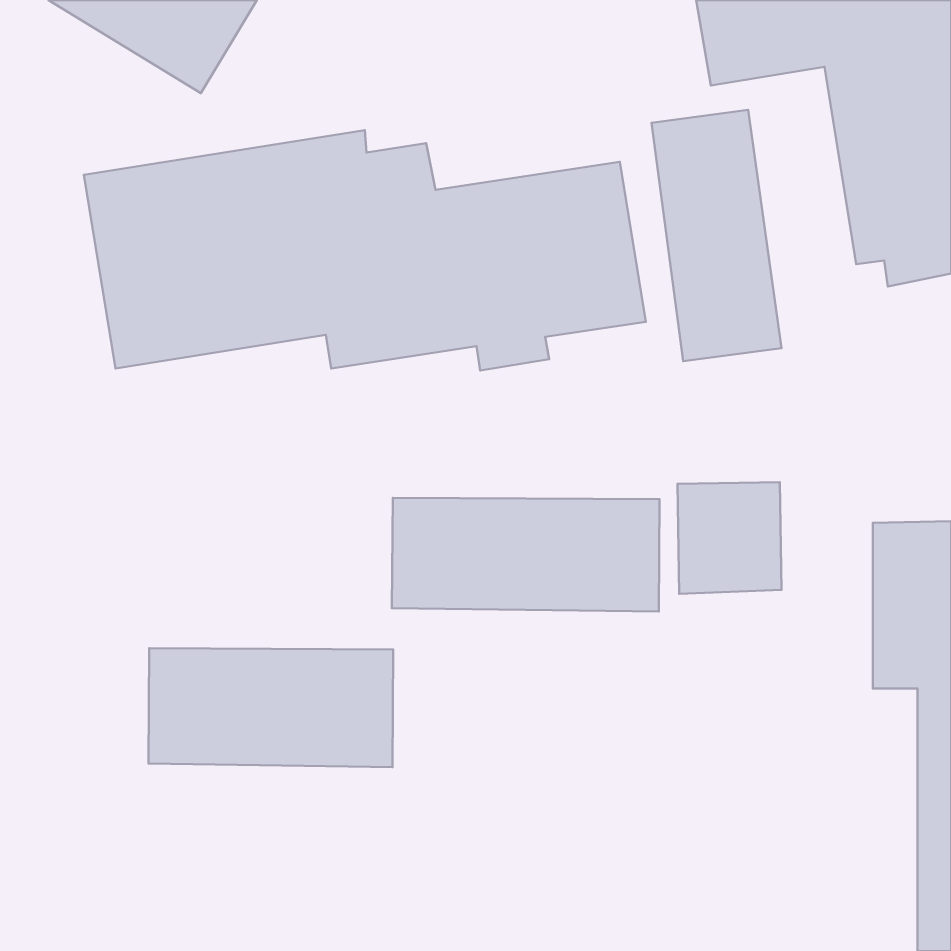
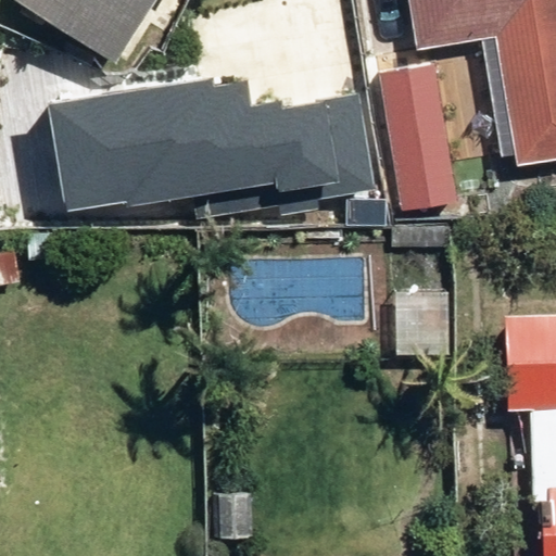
building: [392,498,659,611] -> none
building: [148,648,393,767] -> none

